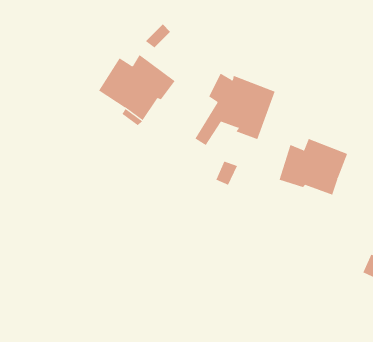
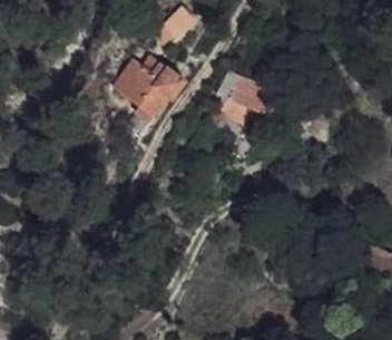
building: [279,138,348,196] -> none

